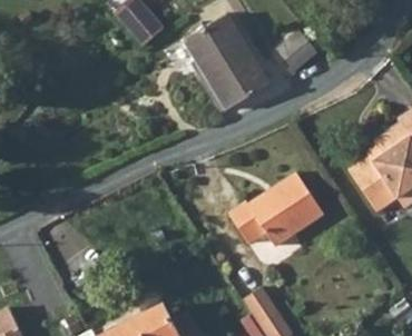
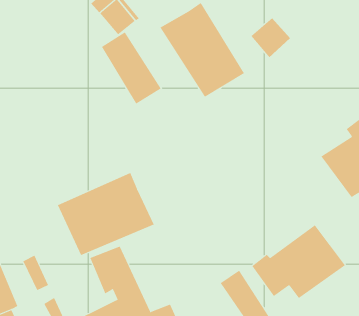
building: none -> [101,32,162,104]
building: [226,169,322,245] -> [252,225,346,299]
building: none -> [57,172,155,256]

